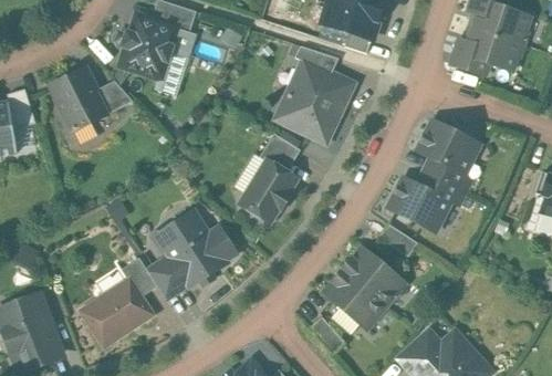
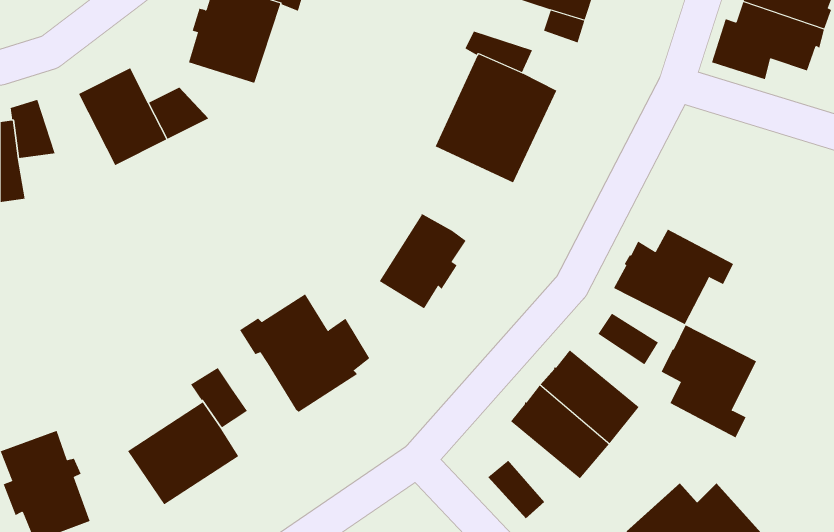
building: [417,121,478,192] -> [661,325,757,438]
building: [259,133,300,171] -> none
building: [147,255,187,299] -> none

